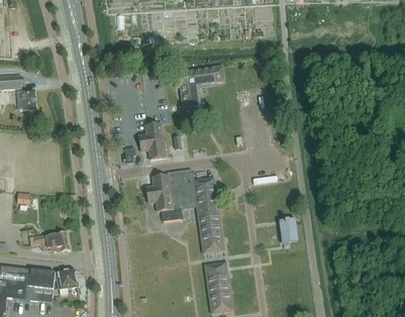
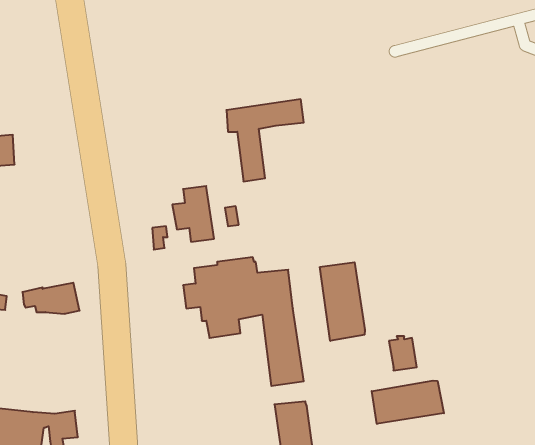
building: none -> [320,262,365,341]
building: [33,230,71,250] -> [22,283,80,314]
building: none -> [372,381,444,424]

